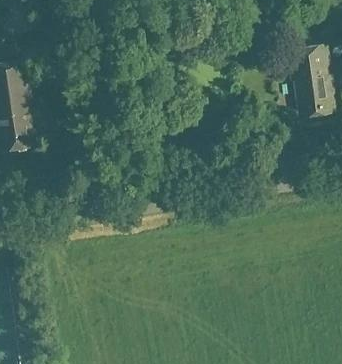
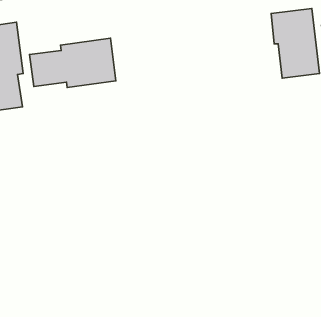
building: none -> [29,38,116,88]

